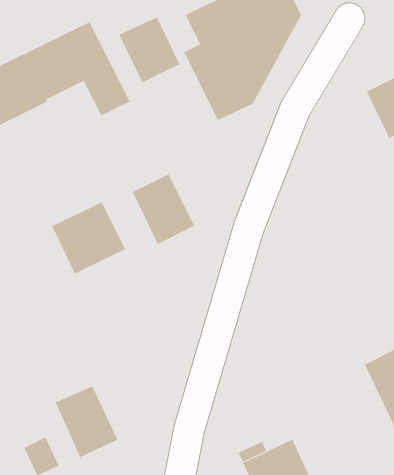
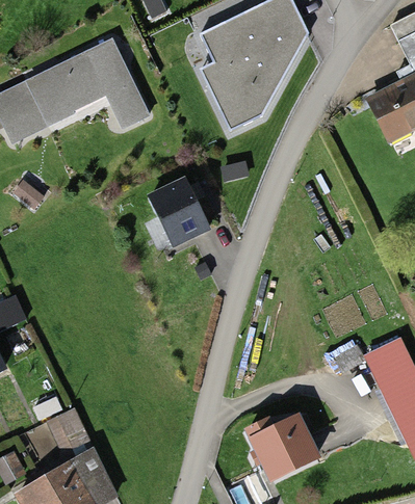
building: [118,16,180,83] -> none
building: [51,202,126,275] -> none
building: [55,385,118,458] -> none

